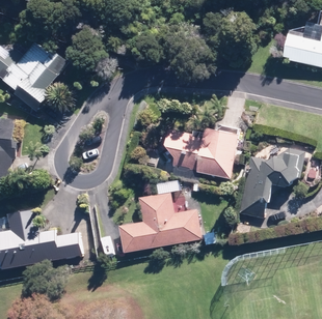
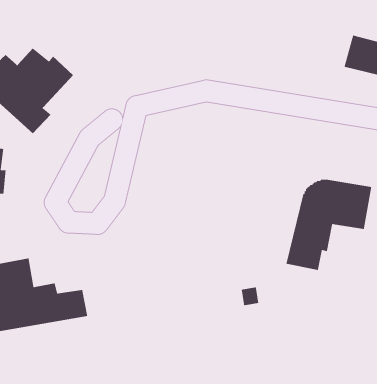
building: [165,126,239,178] -> none
building: [118,192,199,251] -> none

